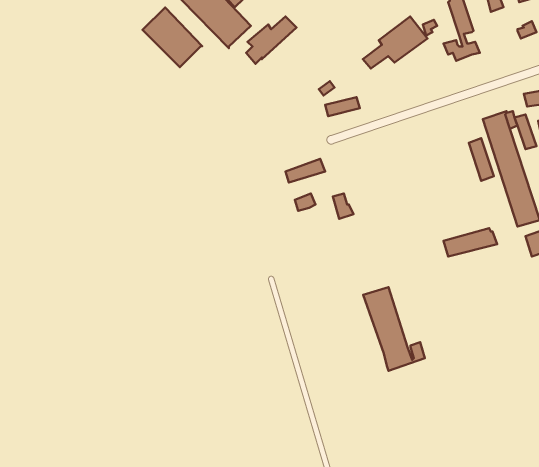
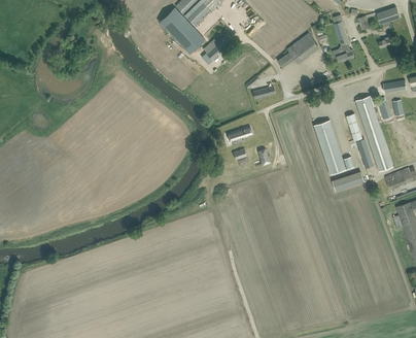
building: [143,8,202,67] -> none
building: [363,287,425,371] -> [313,120,353,174]

